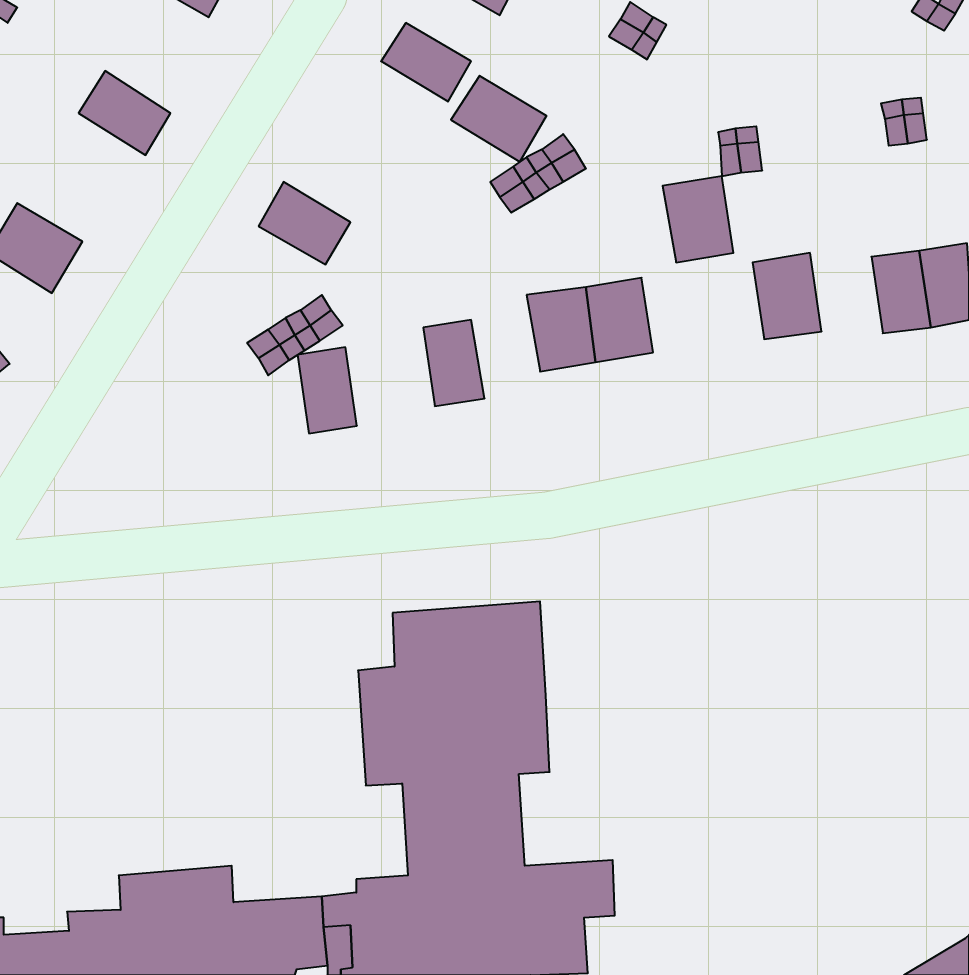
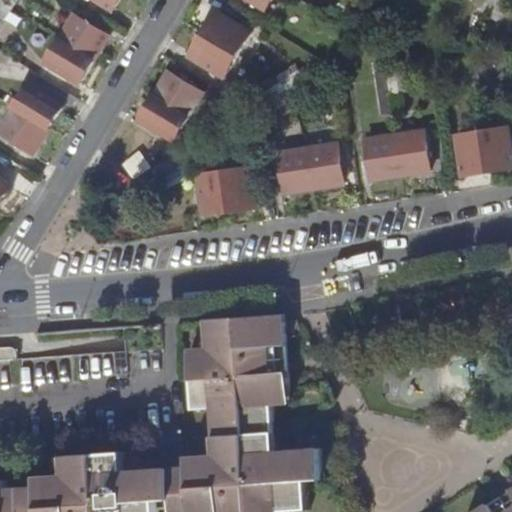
building: none -> [55,13,104,59]
building: [451,76,547,162] -> [184,32,234,77]
building: none -> [148,70,198,116]
building: none -> [9,84,56,126]
building: [663,176,733,262] -> [362,137,399,182]
building: [298,347,357,433] -> [196,171,227,216]

